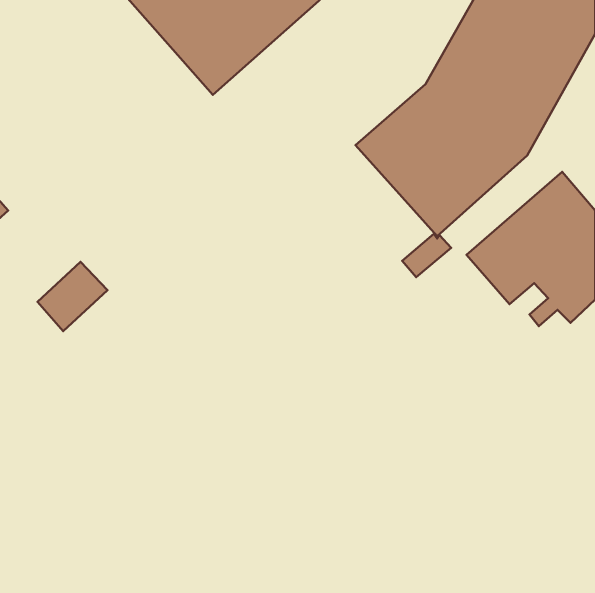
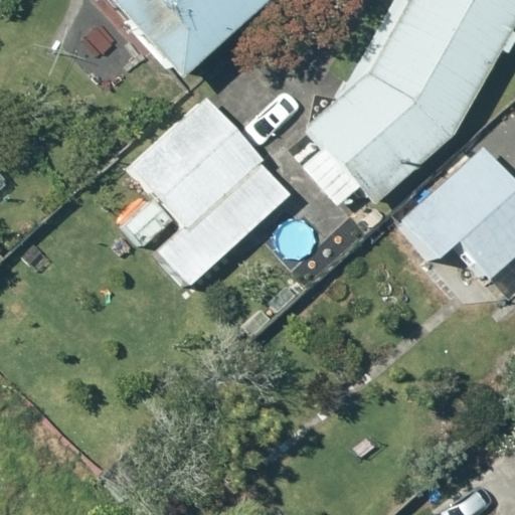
building: none -> [131,97,289,286]

